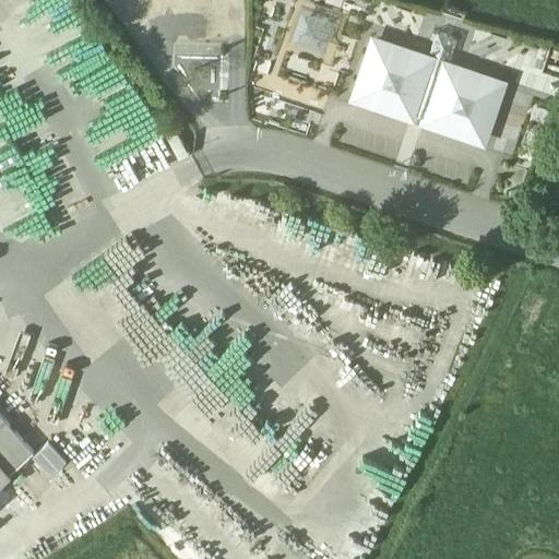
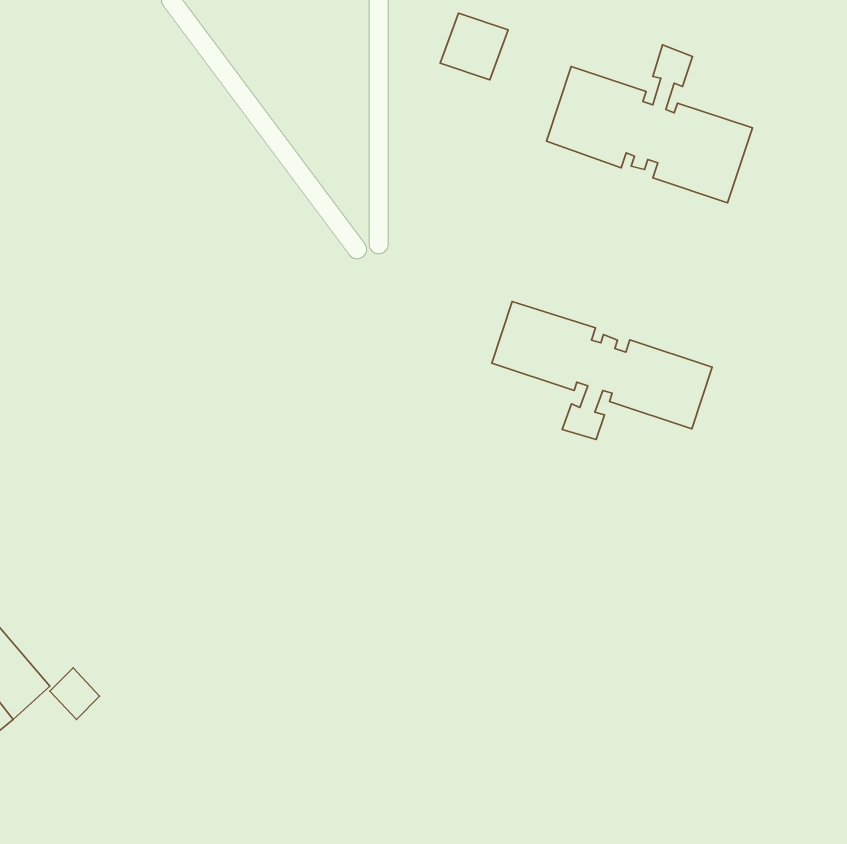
building: none -> [492,301,712,439]

